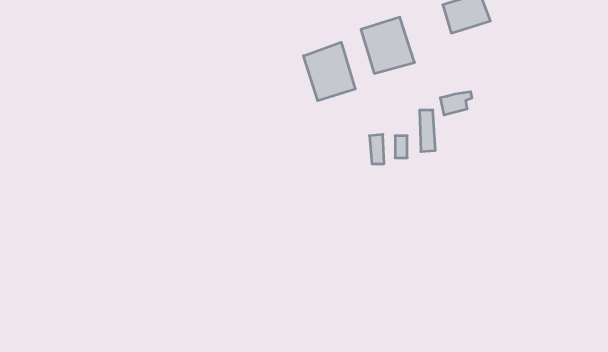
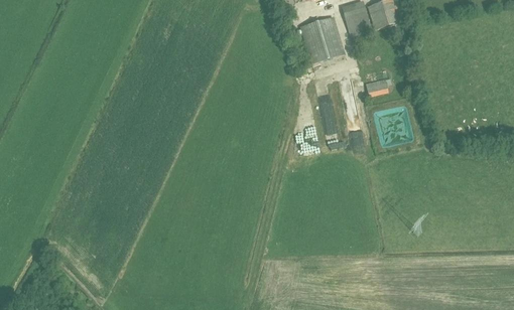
building: none -> [342,7,369,36]
building: [303,42,355,101] -> none

